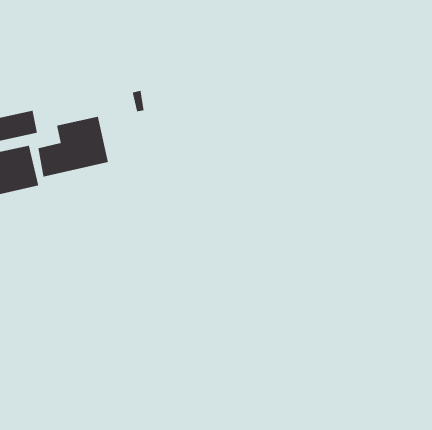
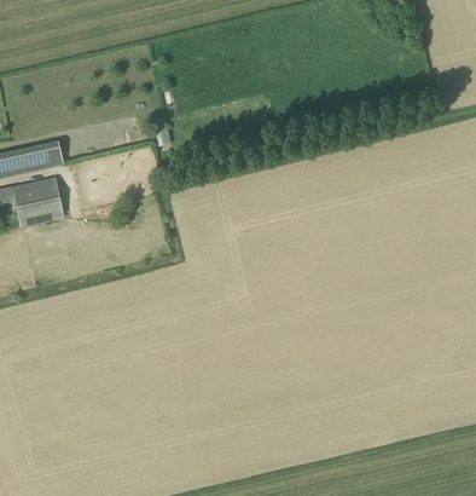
building: [38,116,109,178] -> none

